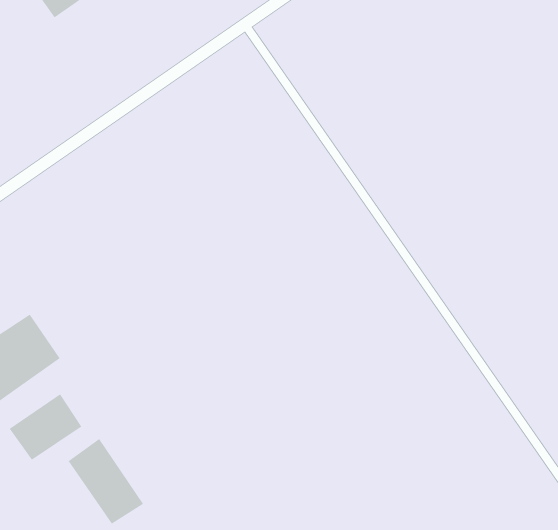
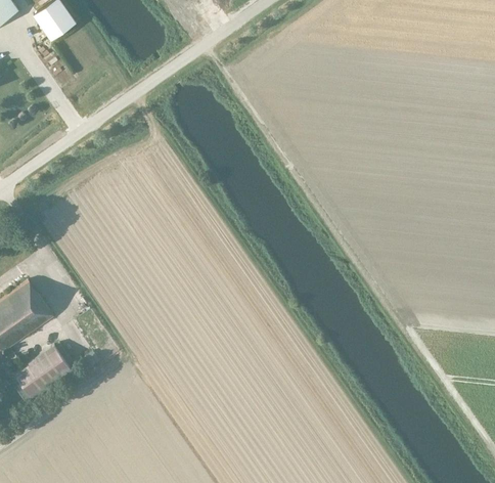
building: [68,438,144,524] -> none

